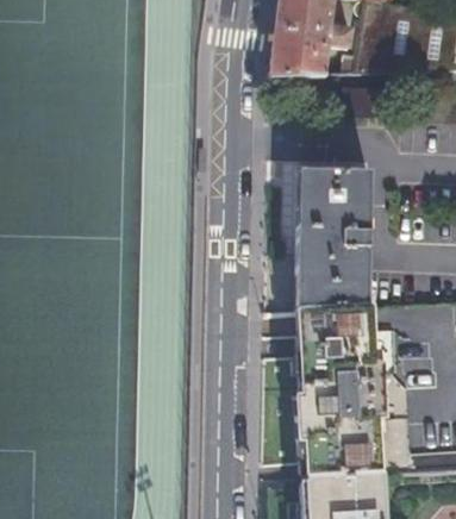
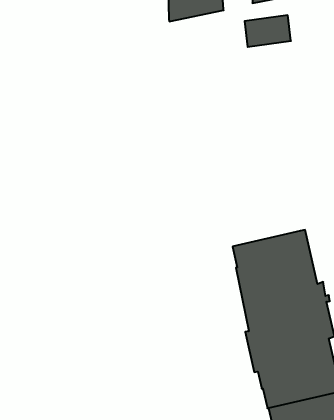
building: [292,169,364,308] -> none

